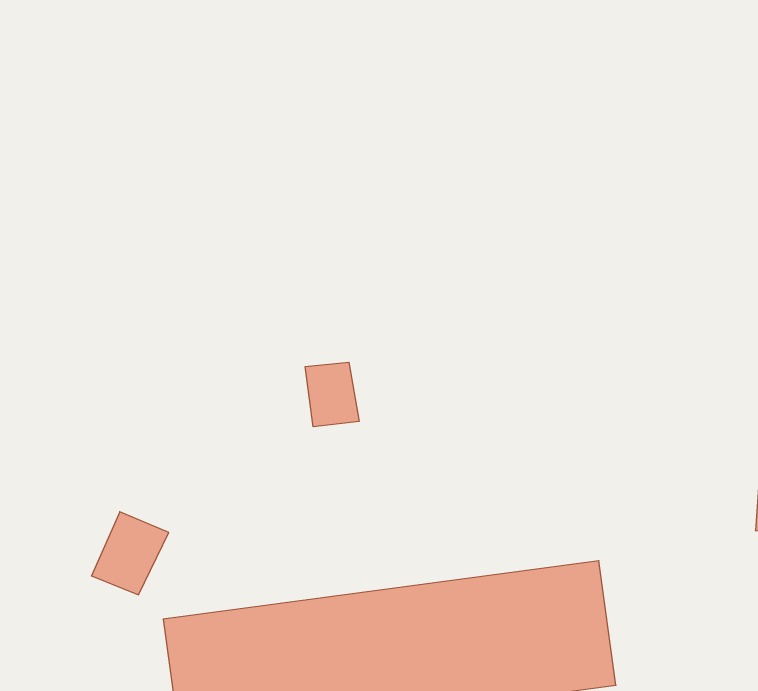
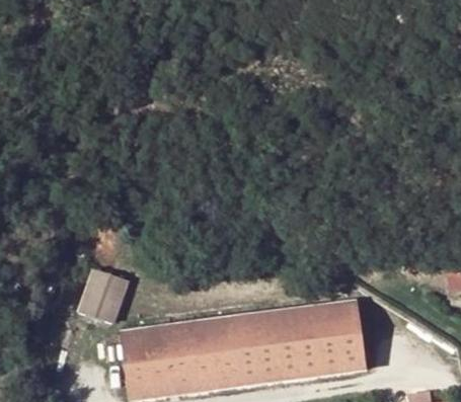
building: [305,362,359,427] -> none

